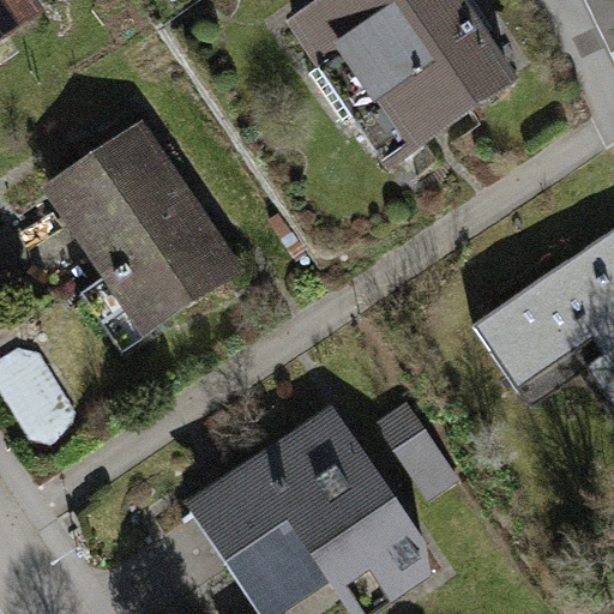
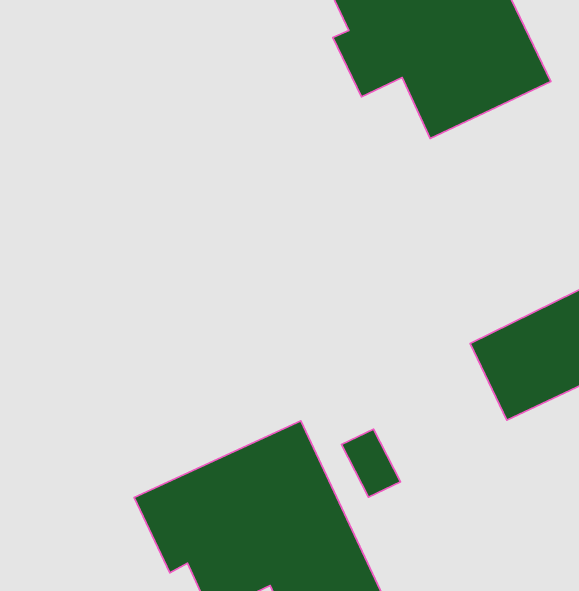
building: [55,126,236,344] -> none

